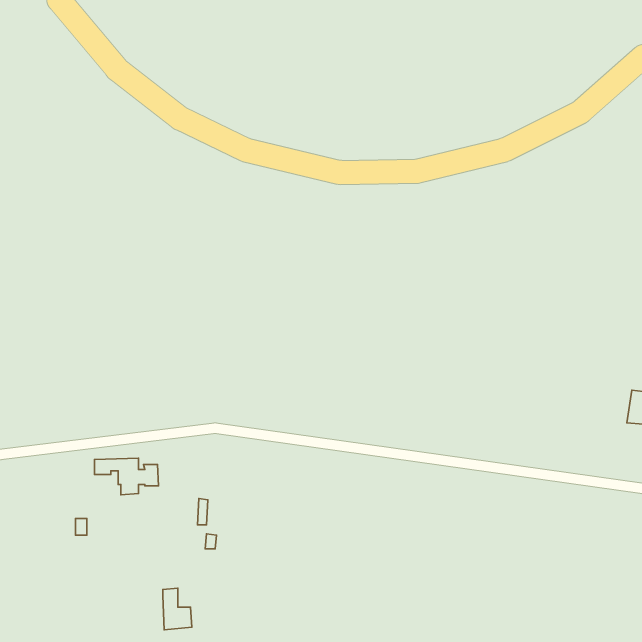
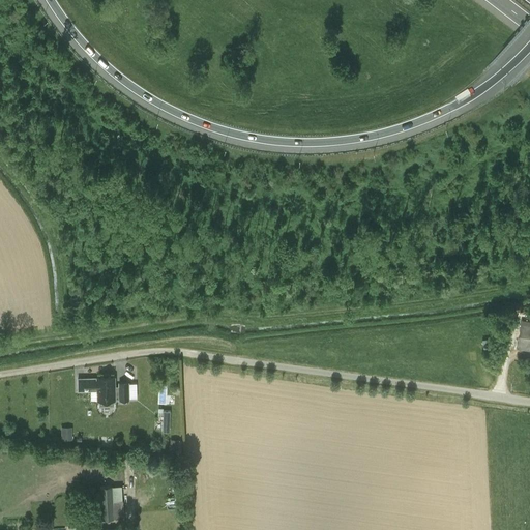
building: [163,588,192,630] -> [101,487,125,521]

